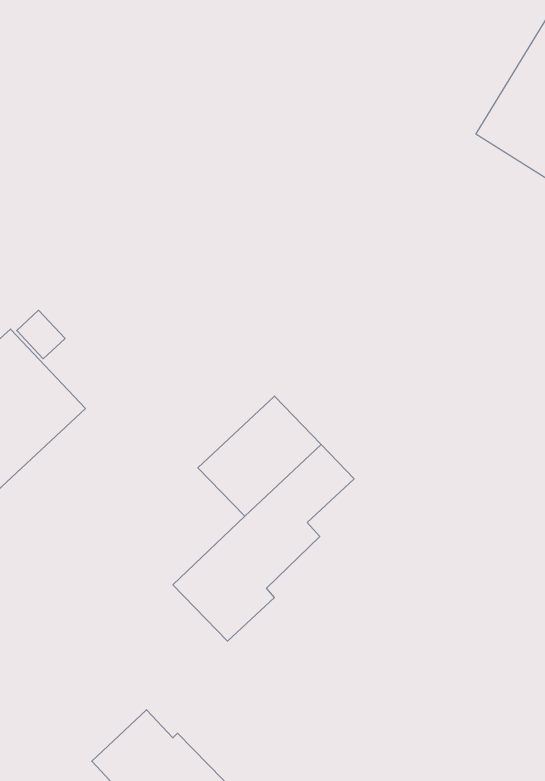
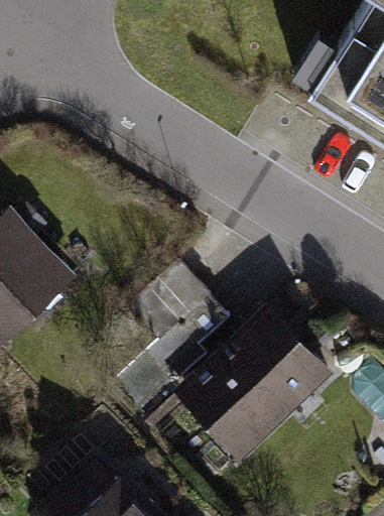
building: none -> [187,316,326,453]

